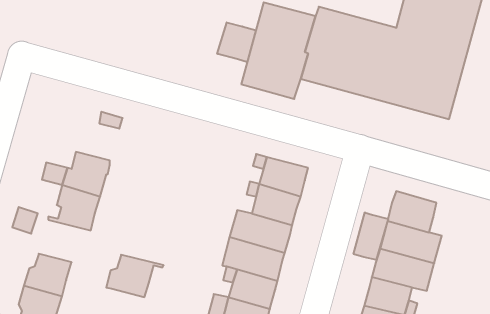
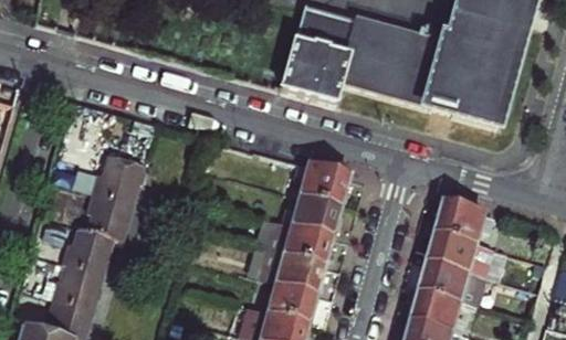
building: [217,22,256,62] -> none
building: [354,212,388,260] -> none
building: [106,255,164,297] -> [64,230,124,274]

